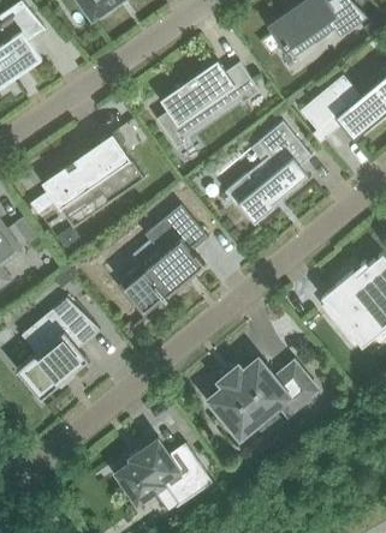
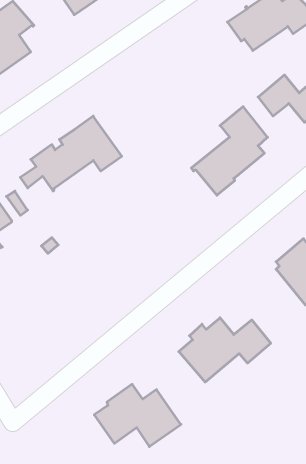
building: [155,61,259,150] -> none
building: [118,205,208,316] -> none
building: [14,300,100,401] -> none

